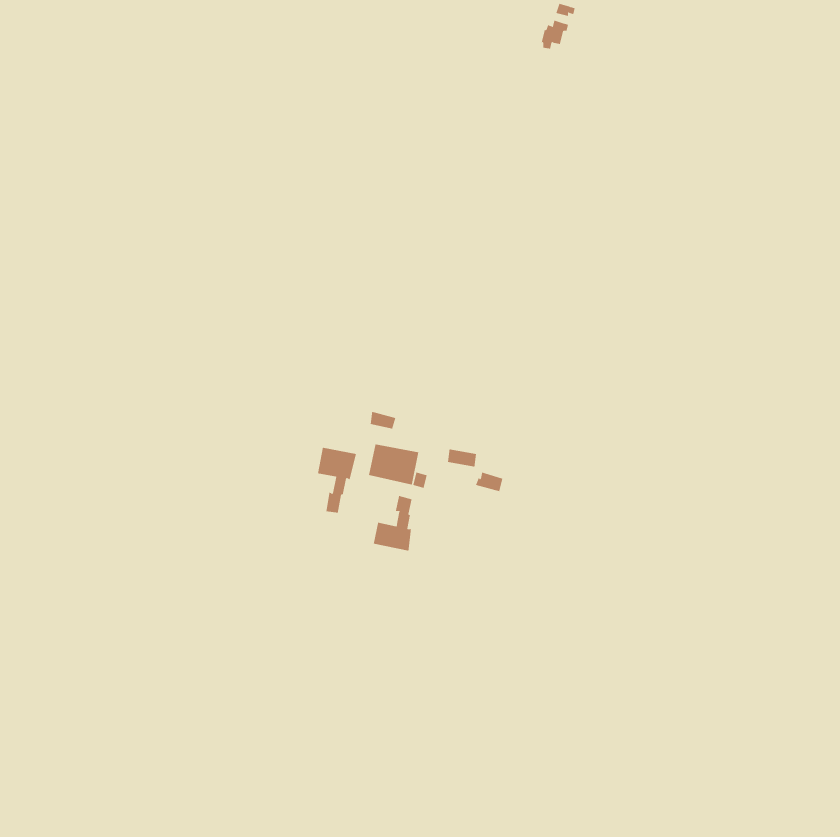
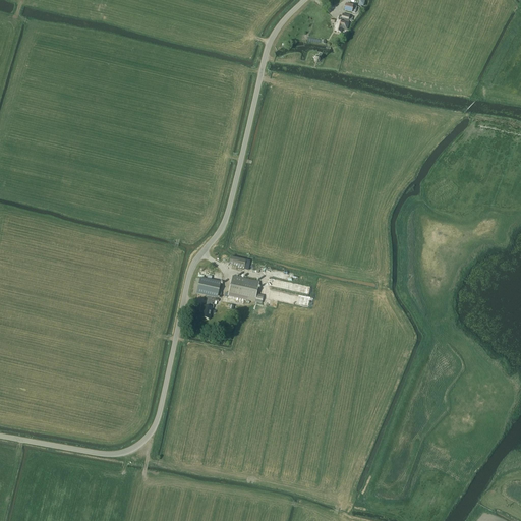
building: [373,495,412,551] -> none

